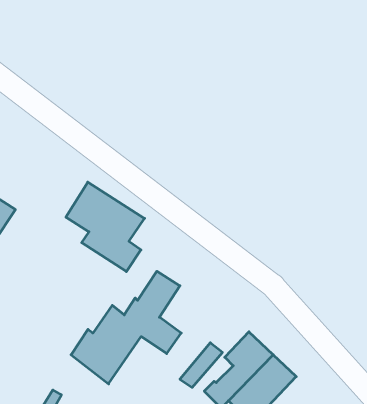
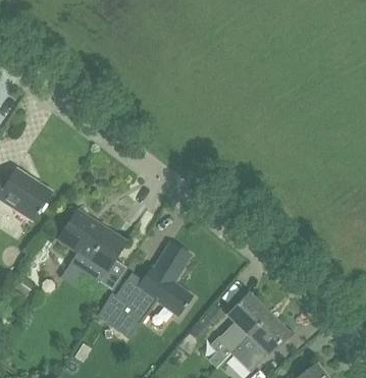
building: [66,182,145,272] -> [59,212,125,287]

